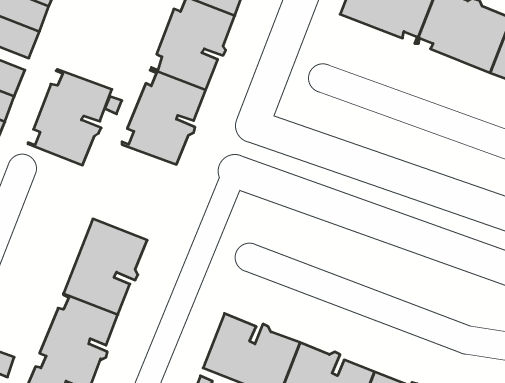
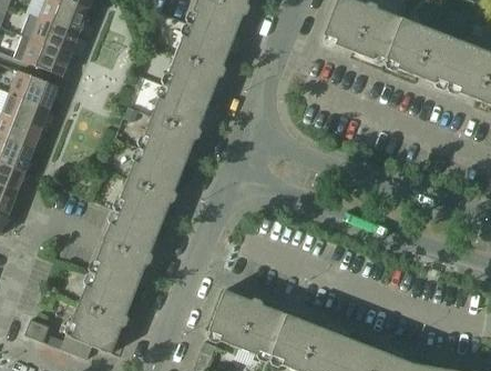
building: [28,69,112,165] -> [114,148,184,228]

